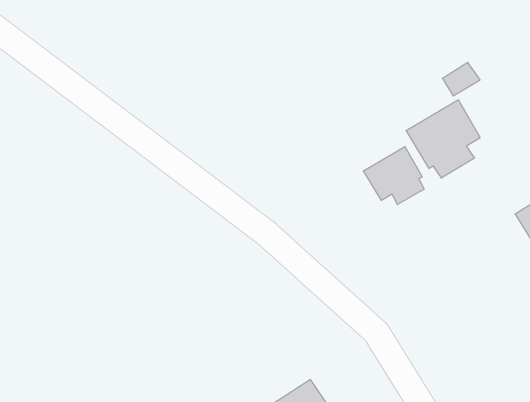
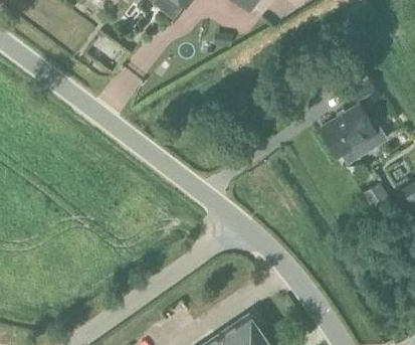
building: [363,146,424,205] -> none

